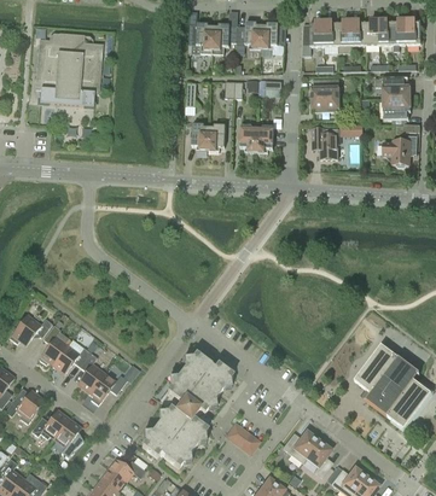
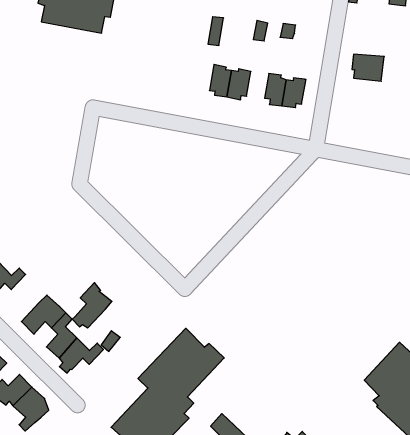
building: [312,77,339,99] -> none
building: [312,128,342,158] -> none
building: [39,323,71,363] -> [72,283,112,328]

